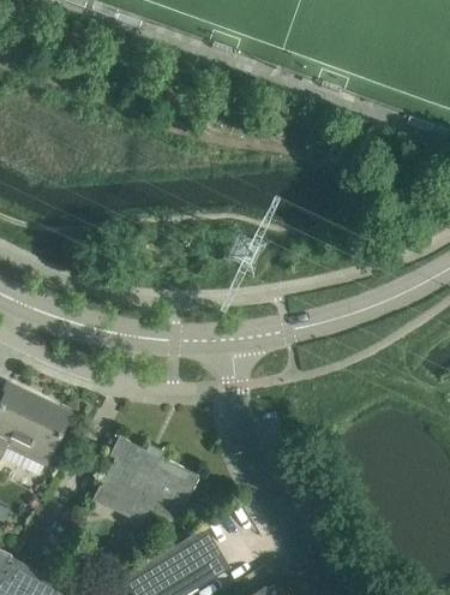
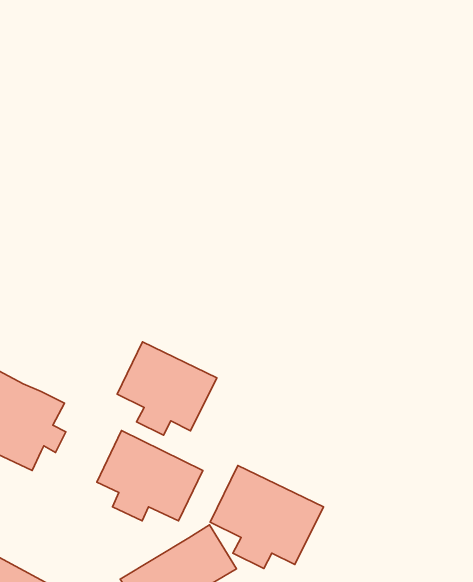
building: none -> [117,342,217,435]
building: none -> [210,466,323,569]

